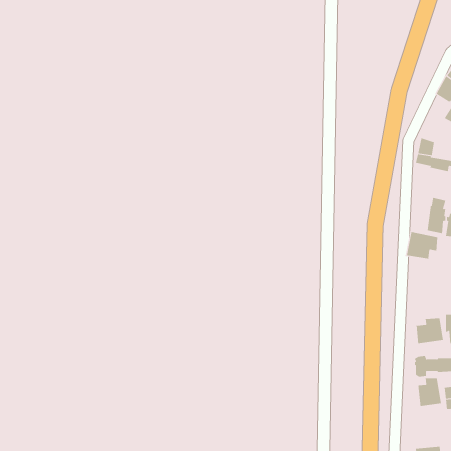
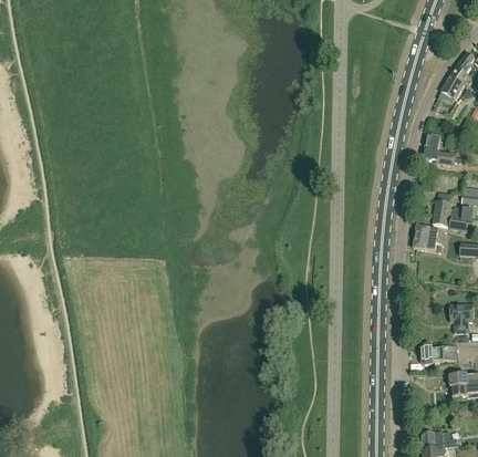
building: [416,318,444,344] -> none
building: [418,377,441,407] -> none

